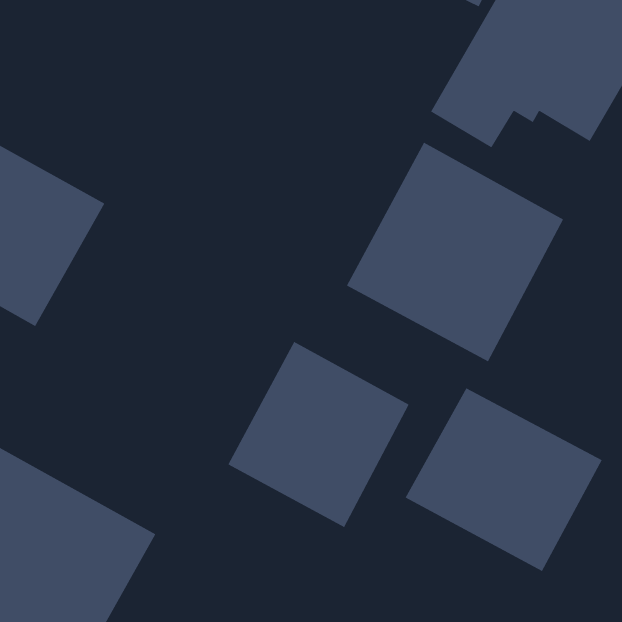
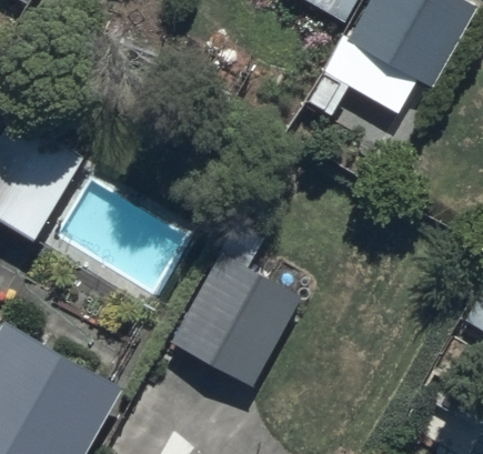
building: [346,142,564,362] -> none
building: [405,387,603,572] -> none

